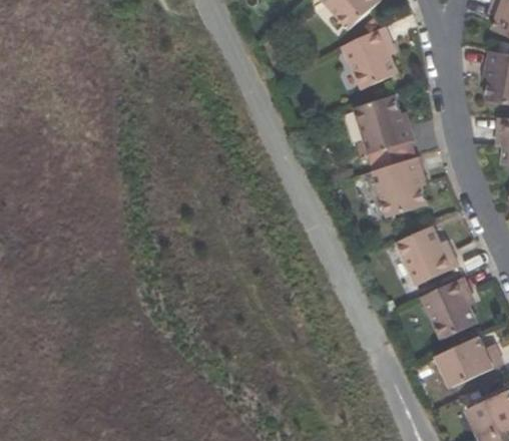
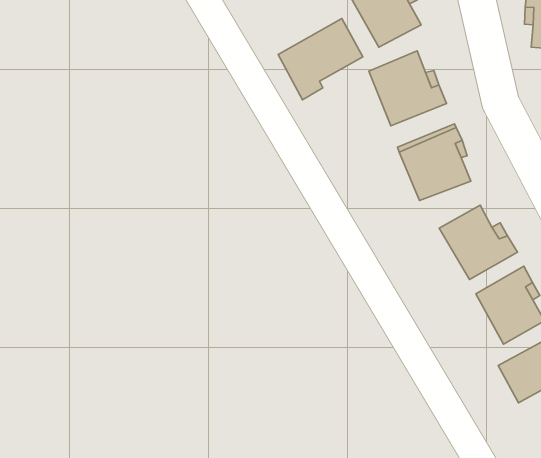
building: none -> [278,19,363,100]

